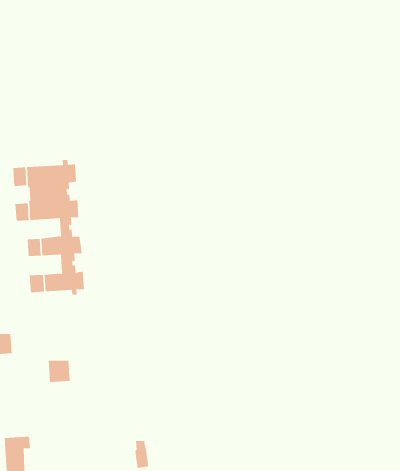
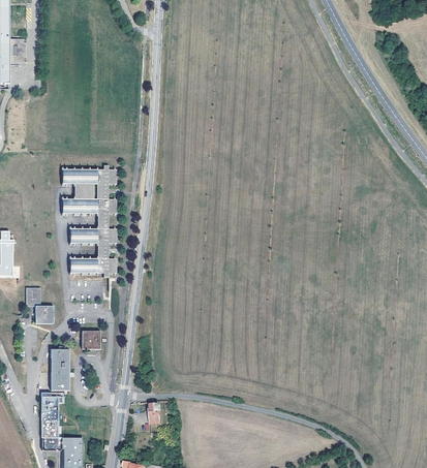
building: none -> [50,348,68,389]

